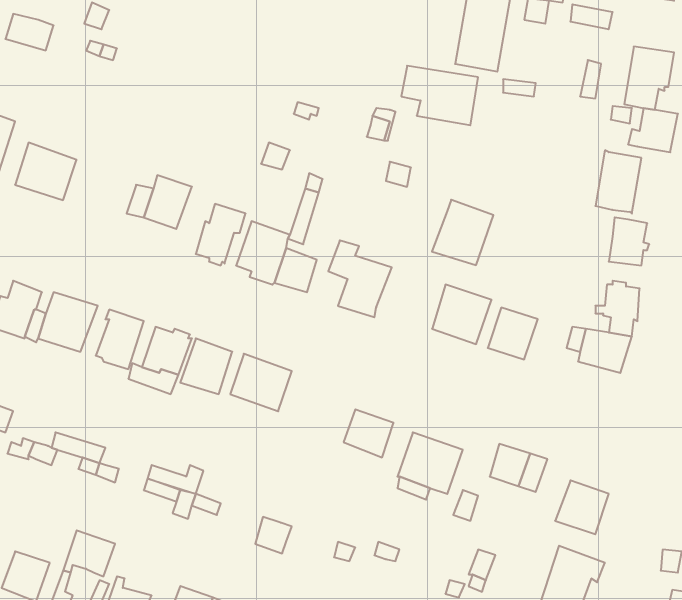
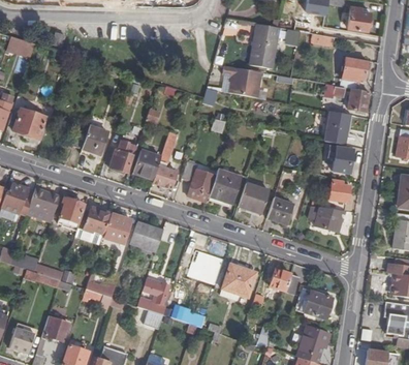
building: [432,200,493,265] -> [209,169,242,204]
building: none -> [137,282,170,314]

